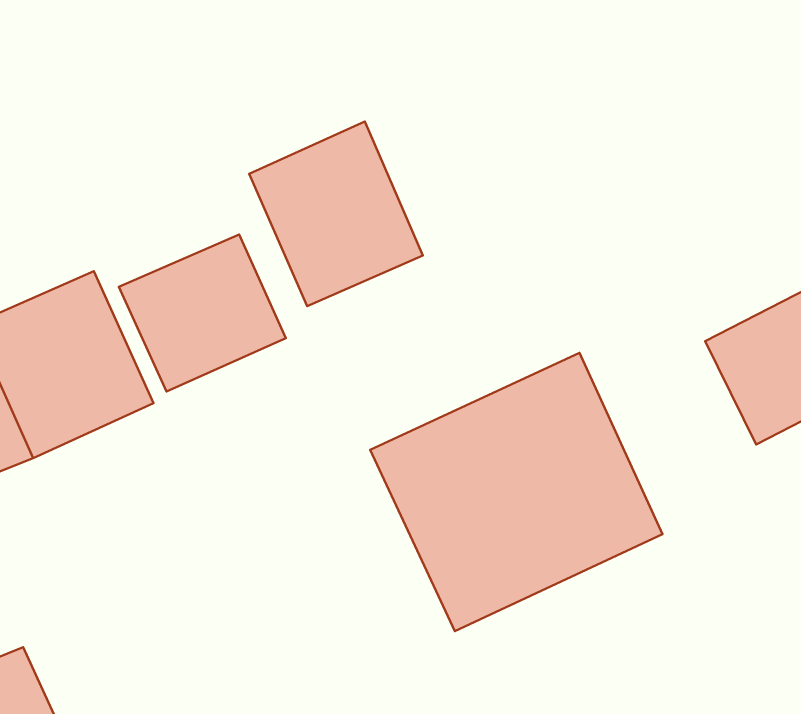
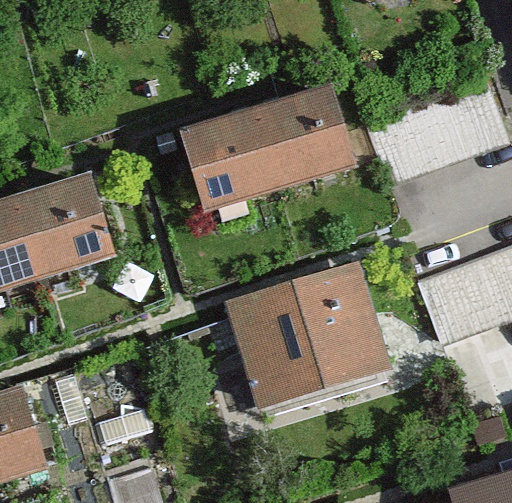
building: none -> [251,88,349,191]
building: [119,234,286,391] -> none

